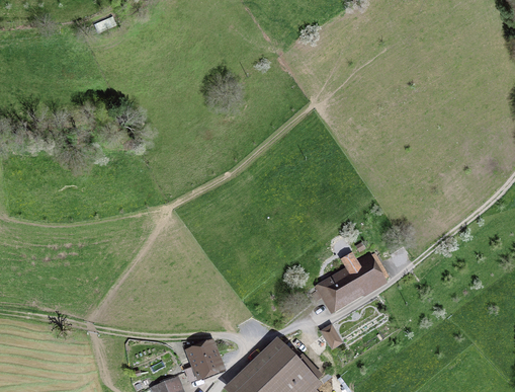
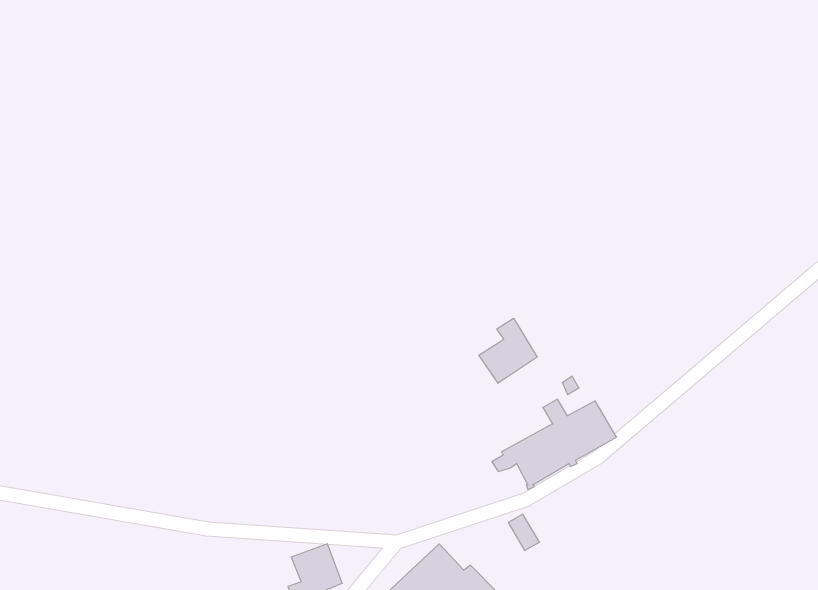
building: none -> [479,318,537,383]

